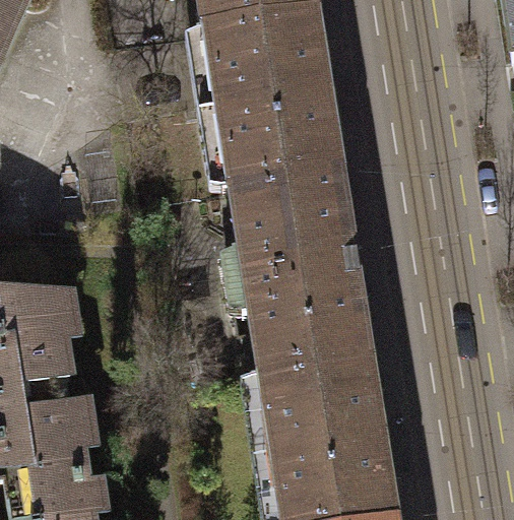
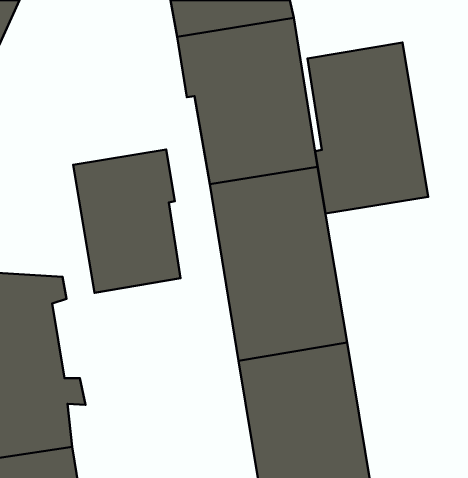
building: none -> [308,43,428,214]
building: none -> [73,150,181,293]

